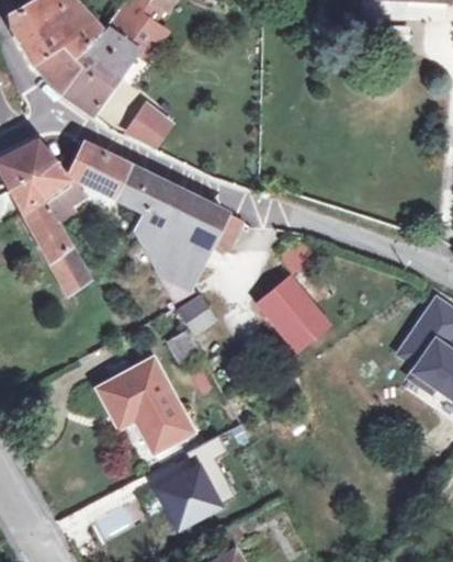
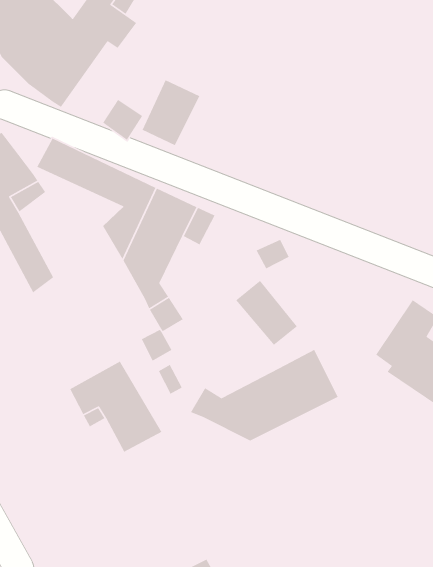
building: none -> [142,79,200,146]
building: none -> [190,349,339,442]
building: [152,435,231,525] -> none

